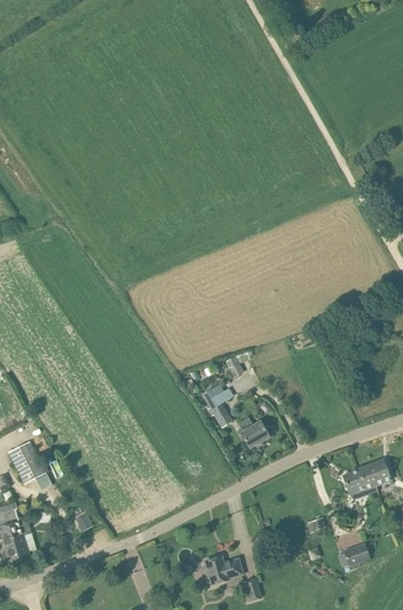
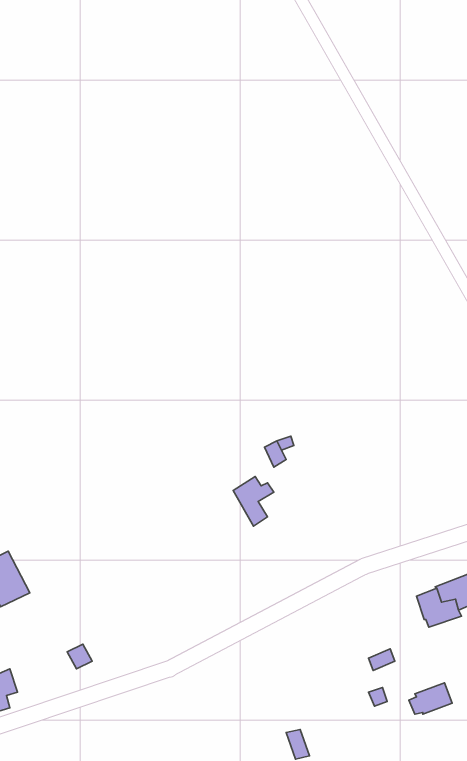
building: [237,416,269,448] -> none
building: [204,555,242,584] -> none

